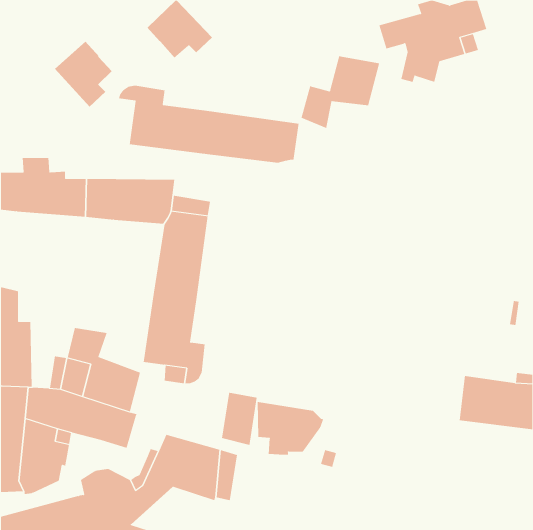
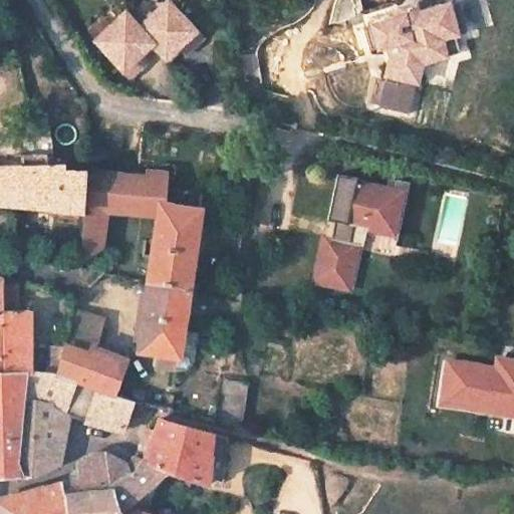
building: [54,41,113,108] -> [97,14,154,78]
building: [301,56,380,129] -> none
building: none -> [378,76,419,113]
building: [118,85,299,164] -> none
building: none -> [317,173,403,286]
building: none -> [80,212,109,261]
building: [257,401,324,456] -> none

